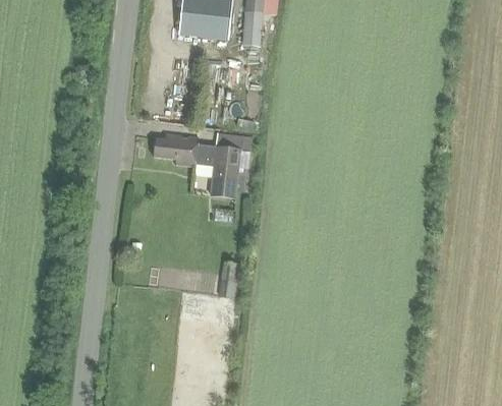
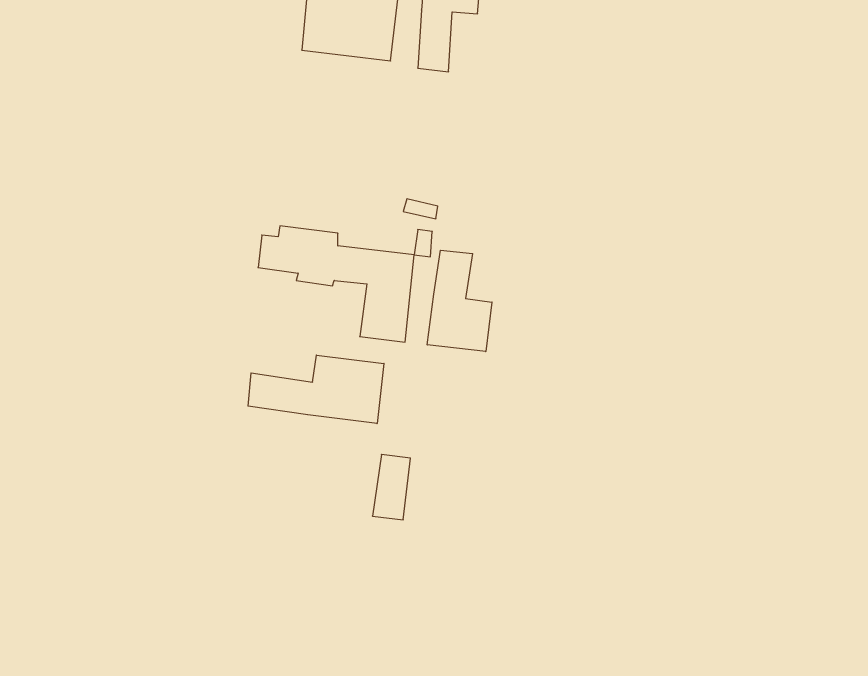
building: none -> [427,250,492,352]
building: none -> [248,355,384,424]

